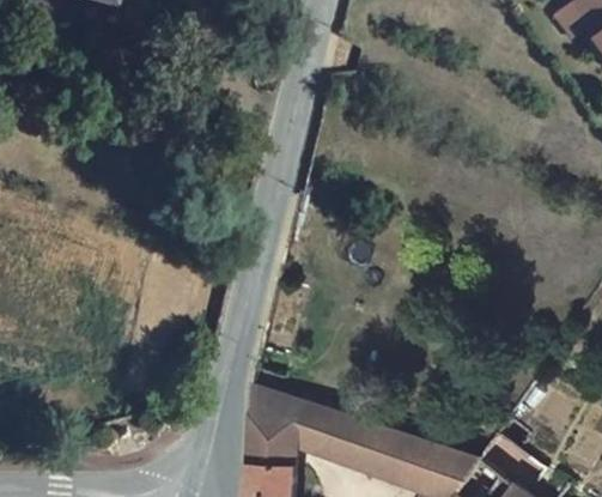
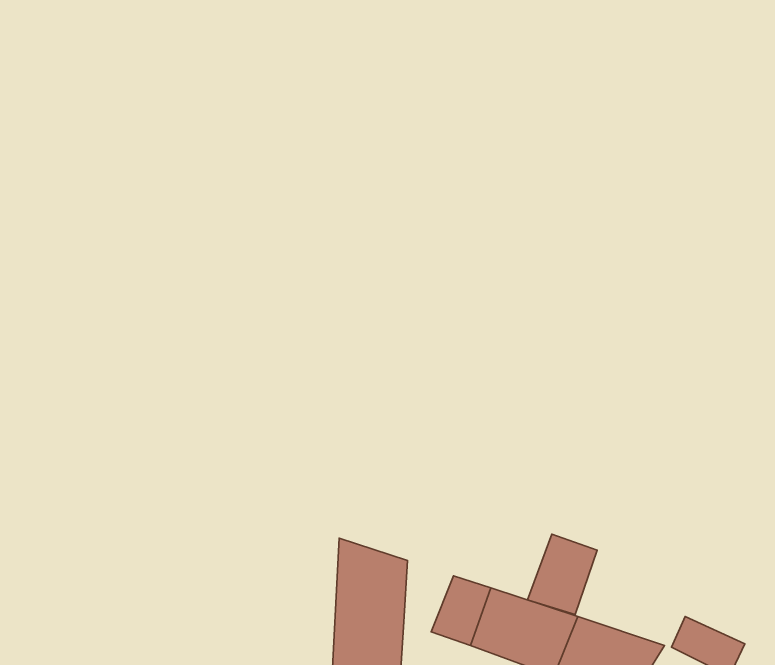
building: none -> [527,534,597,615]
building: [300,399,335,449] -> none

